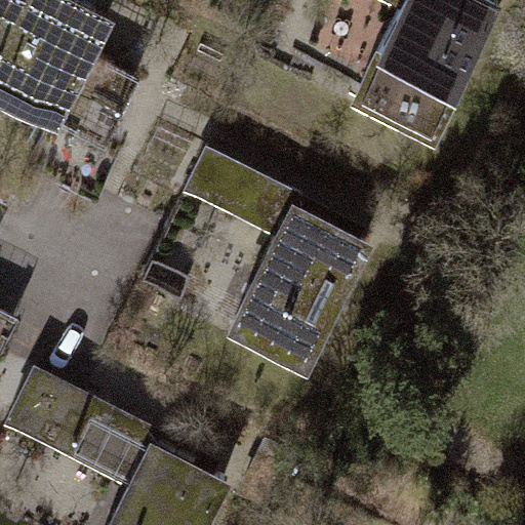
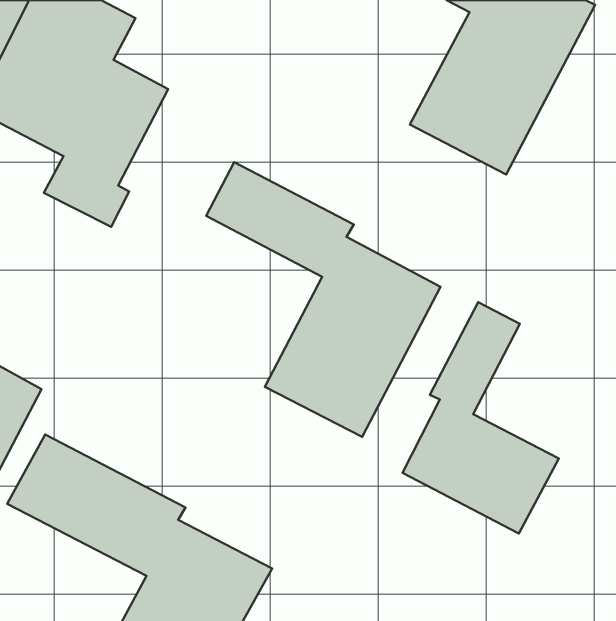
building: none -> [402,302,559,534]

